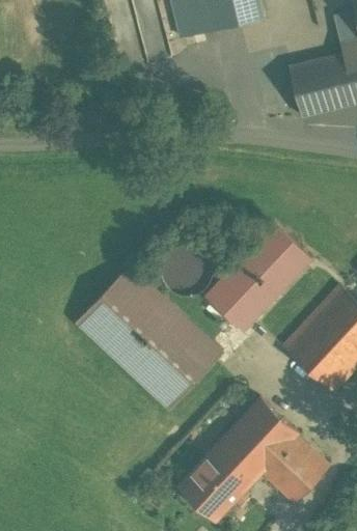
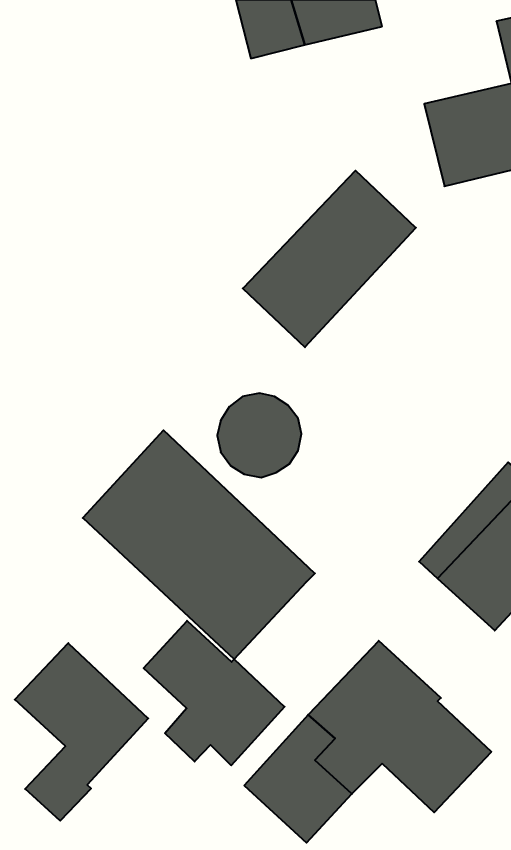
building: [203,224,310,333] -> [243,171,416,347]
building: none -> [144,621,285,765]
building: none -> [15,643,148,821]

